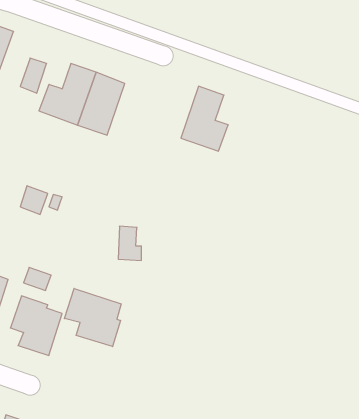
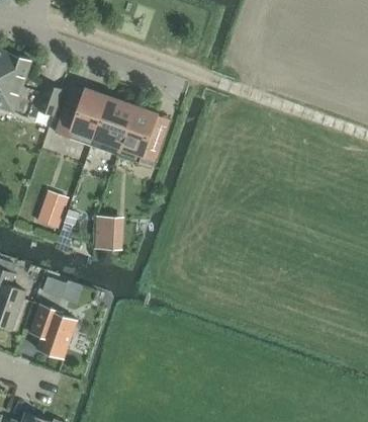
building: [181,86,228,151] -> [117,108,161,168]
building: [118,226,141,260] -> [96,218,117,249]
building: [64,288,121,347] -> none

